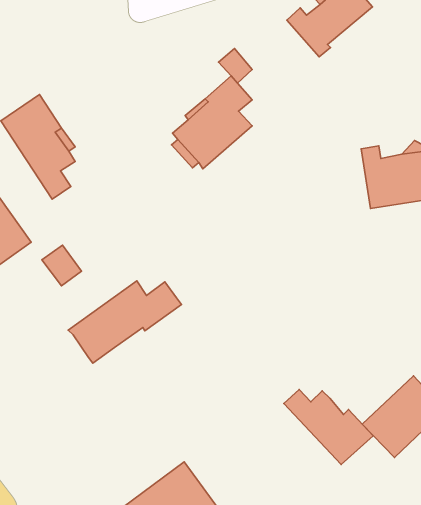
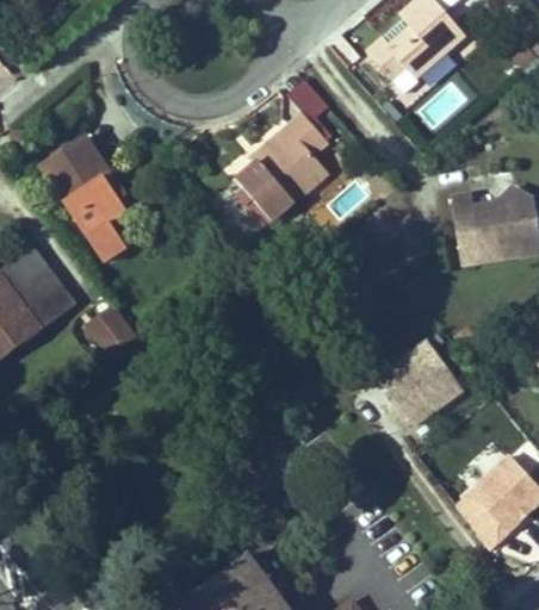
building: none -> [377,337,464,424]
building: [68,281,181,363] -> none
building: [284,390,373,465] -> none

